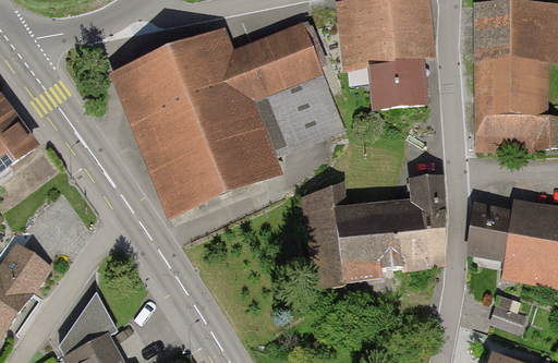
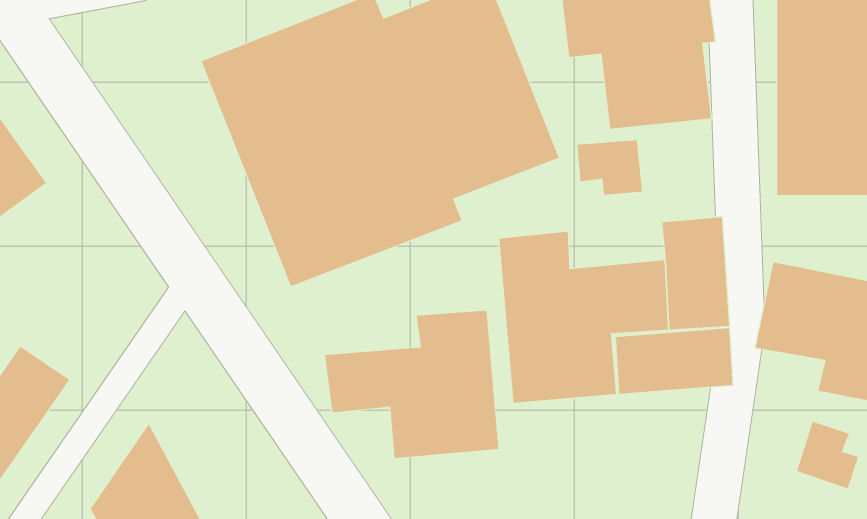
building: none -> [577,140,642,196]
building: none -> [325,310,499,459]

